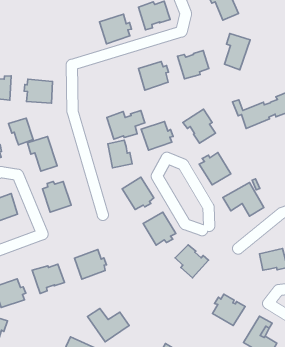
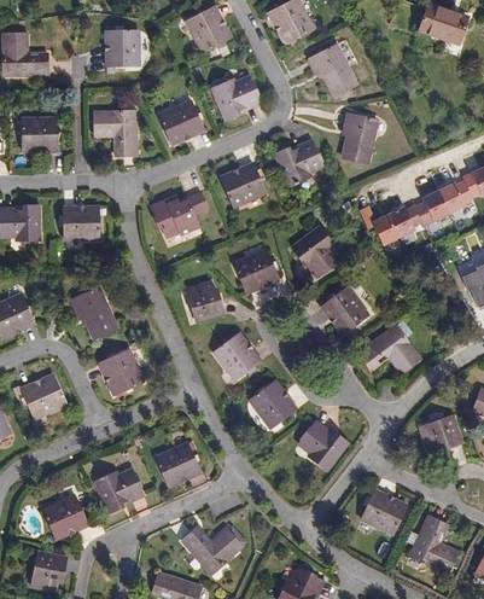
building: none -> [94,111,138,156]
building: none -> [22,117,62,151]
building: [107,111,145,139] -> [153,193,209,238]
building: [9,118,33,145] -> none

